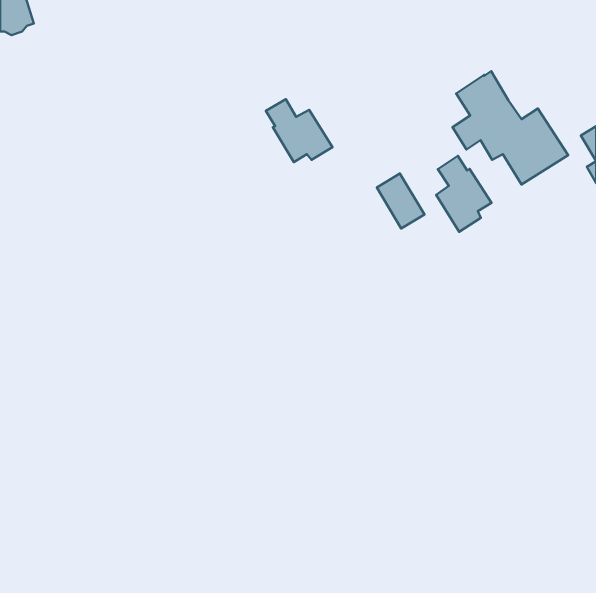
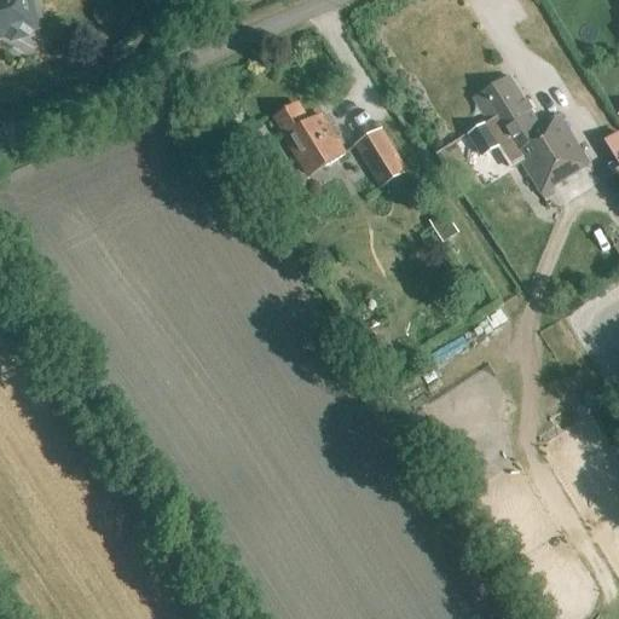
building: [436,156,491,232] -> none
building: [377,174,424,228] -> [355,128,405,185]

